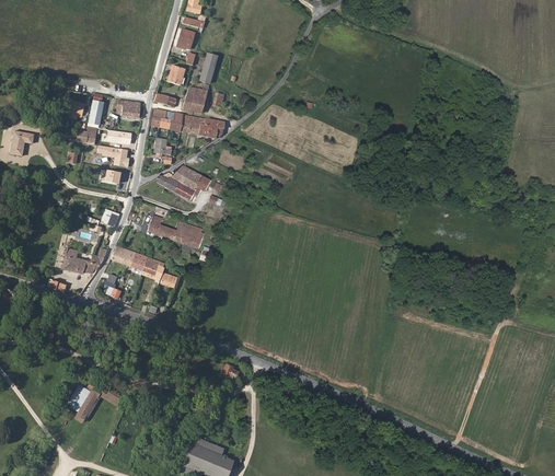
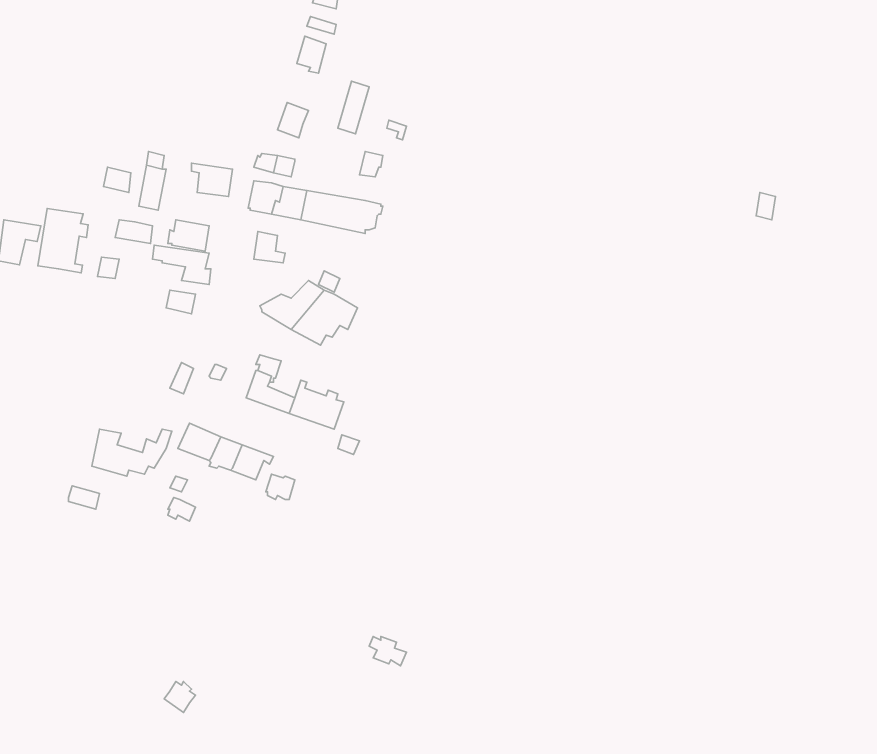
building: [182,85,207,113] -> none
building: none -> [38,208,88,273]
building: [67,384,101,422] -> none

